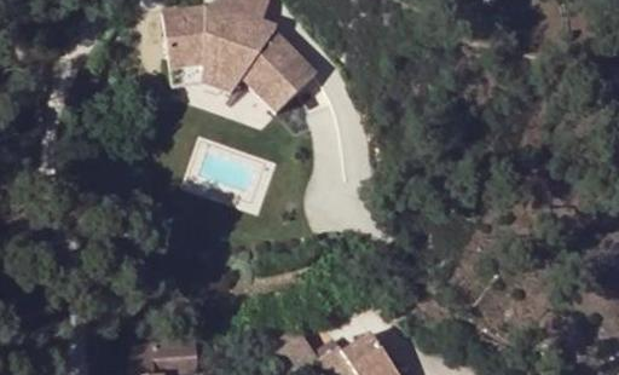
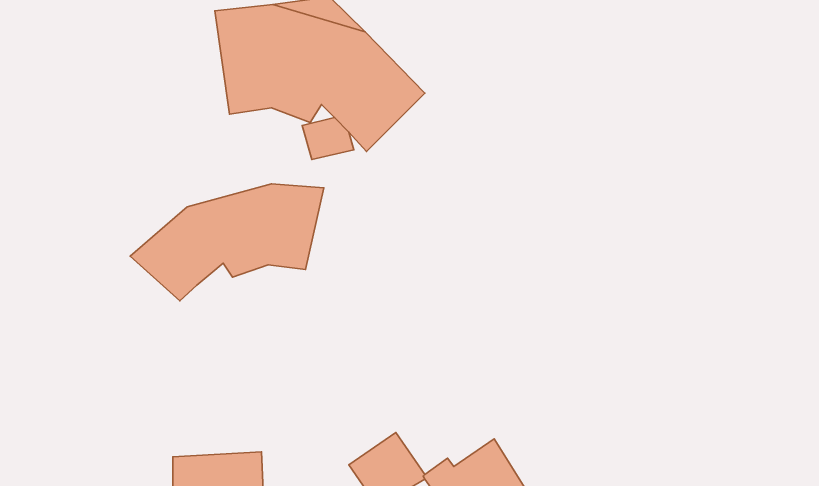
building: none -> [130,184,324,301]

